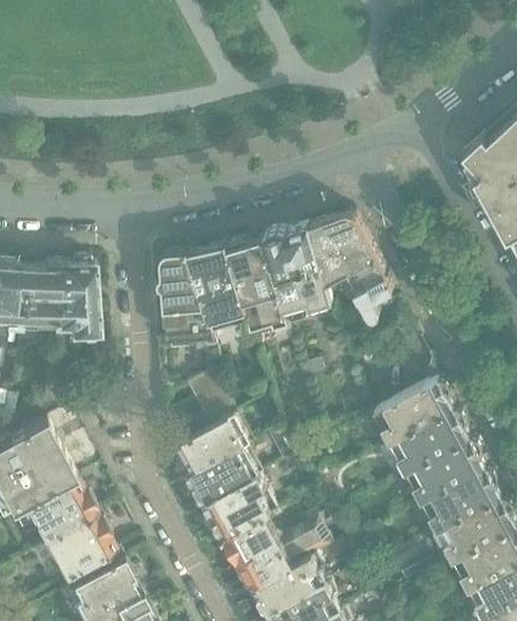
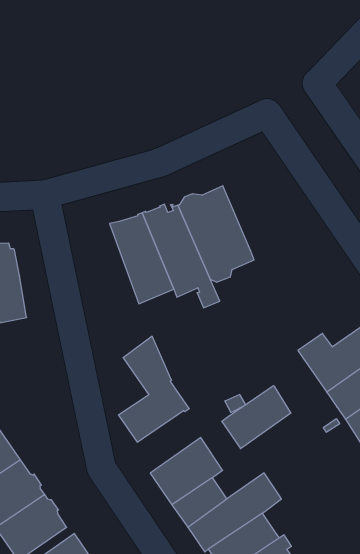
building: [309,216,399,318] -> none
building: [161,252,212,358] -> none
building: [189,449,260,508] -> [222,386,291,449]

